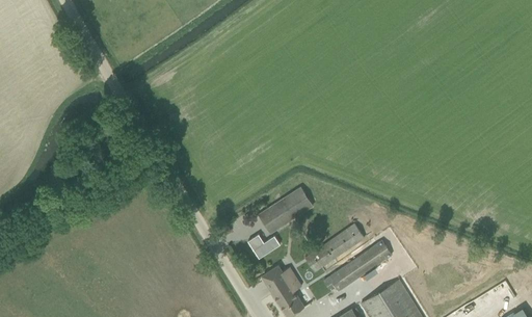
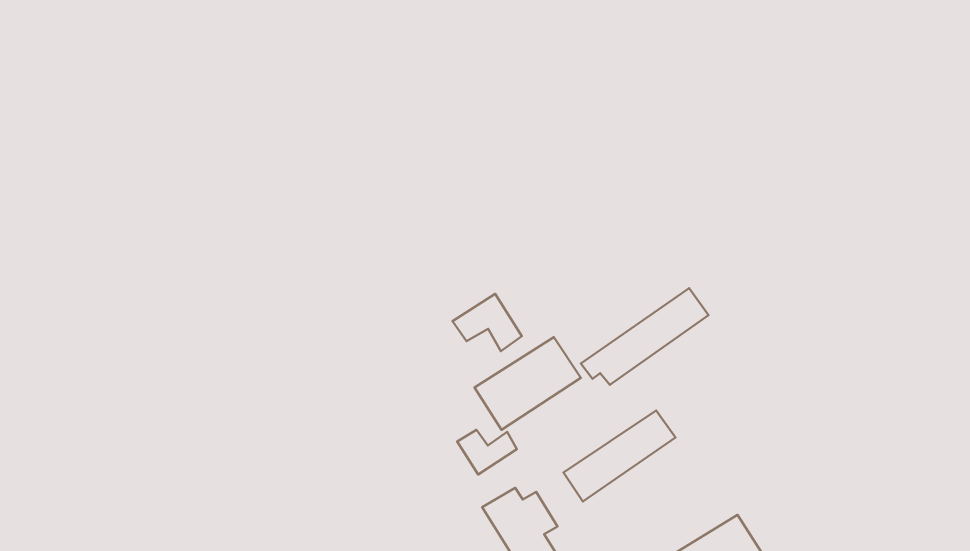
building: none -> [452,294,522,351]
building: [324,239,393,291] -> [581,288,708,385]

